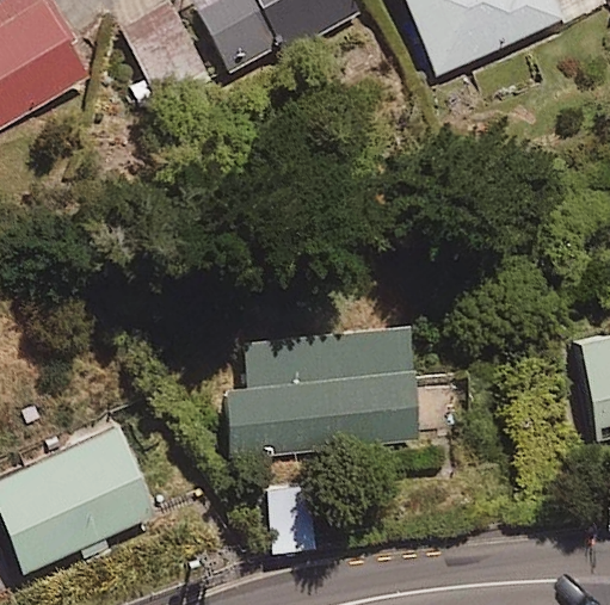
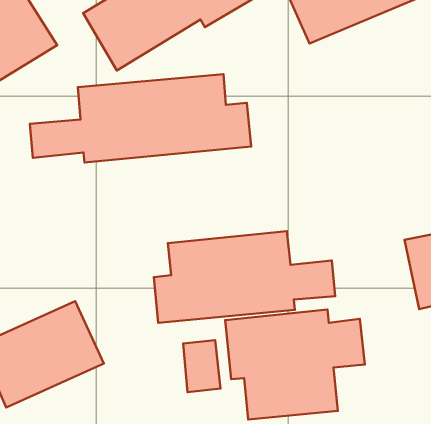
building: none -> [30,74,251,162]
building: none -> [225,309,365,419]

